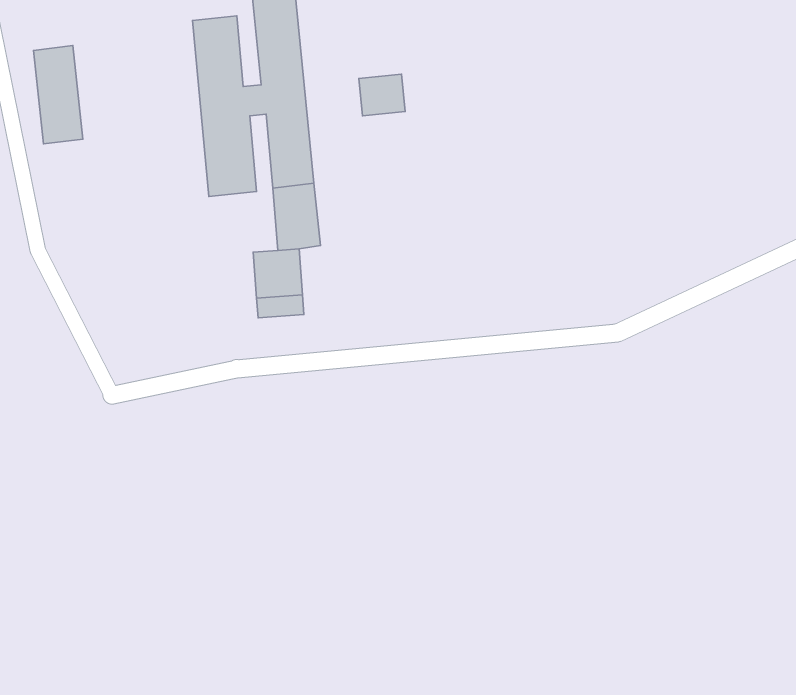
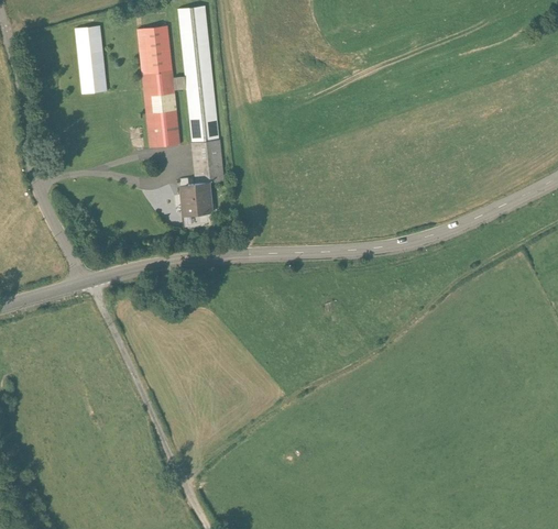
building: [33,45,83,144] -> [75,26,108,92]
building: [359,74,405,116] -> none

